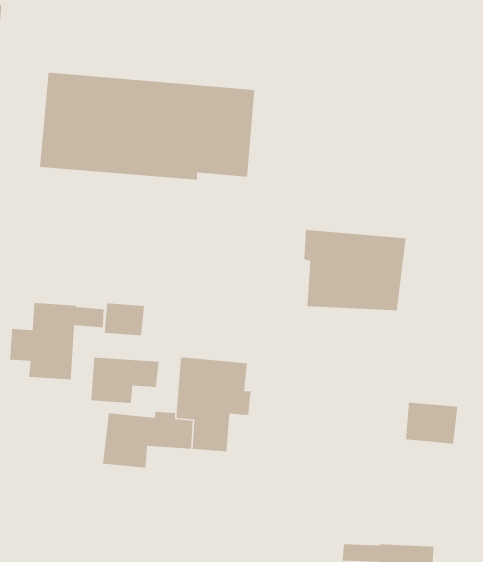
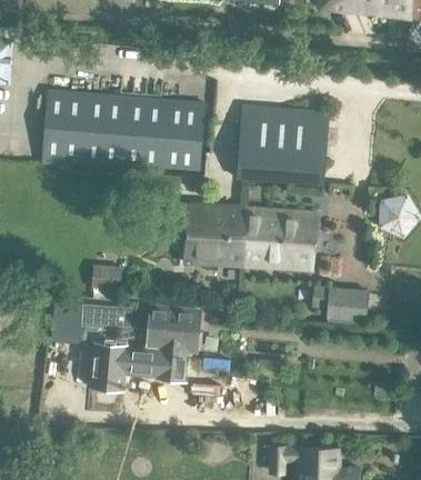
building: none -> [235,107,327,184]
building: none -> [184,204,245,267]
building: [9,302,104,380] -> none
building: [405,402,458,444] -> [328,288,368,320]

